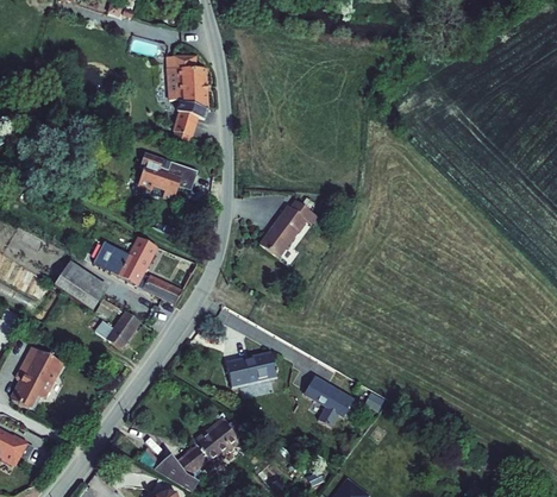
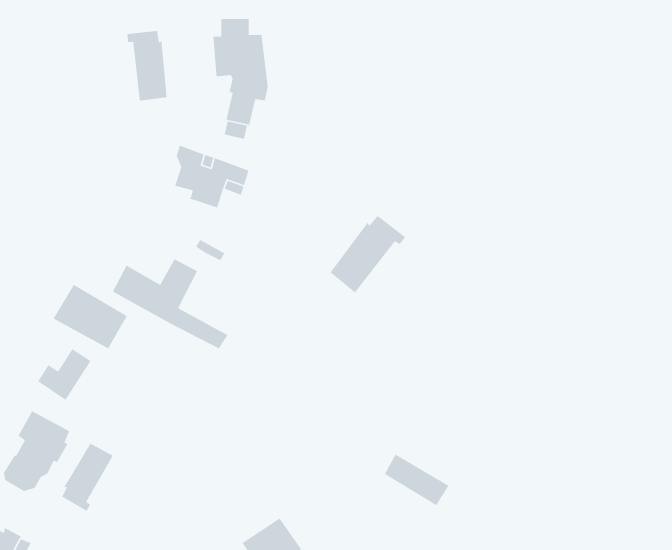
building: none -> [126,30,167,101]
building: [98,307,138,346] -> [37,348,91,401]
building: [218,358,271,391] -> none
building: none -> [61,443,114,512]

